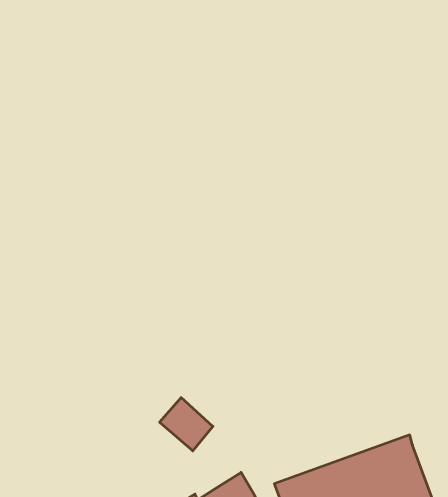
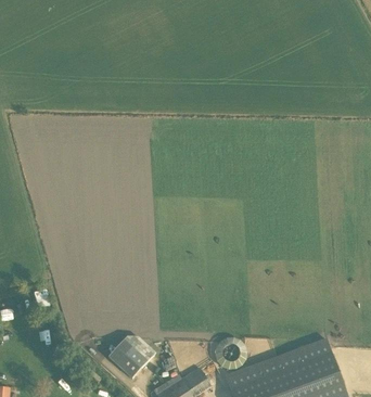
building: [160,398,213,451] -> [107,337,148,377]

